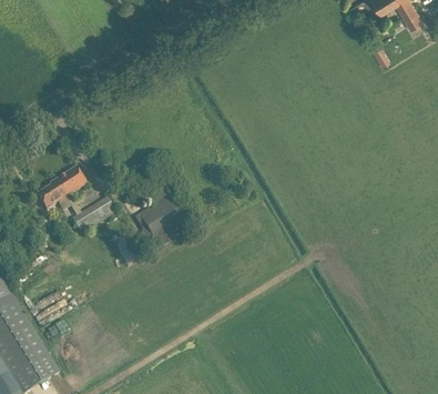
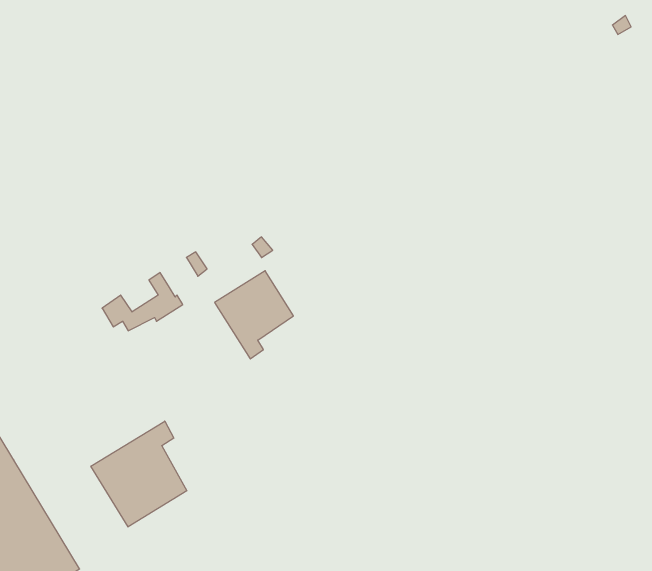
building: [35,165,85,208] -> none
building: none -> [91,421,187,527]

